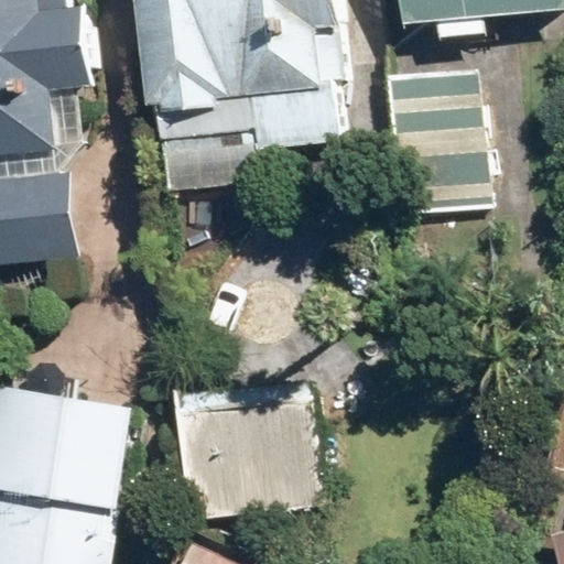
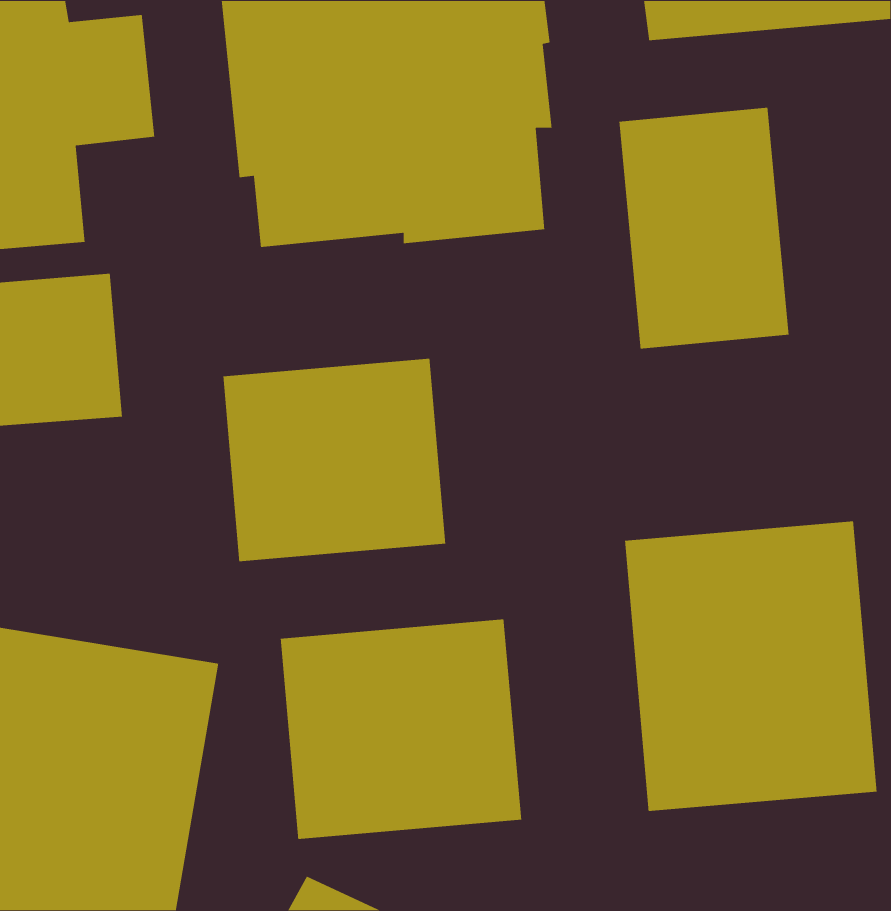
building: none -> [222,358,446,562]
building: none -> [624,520,878,812]

